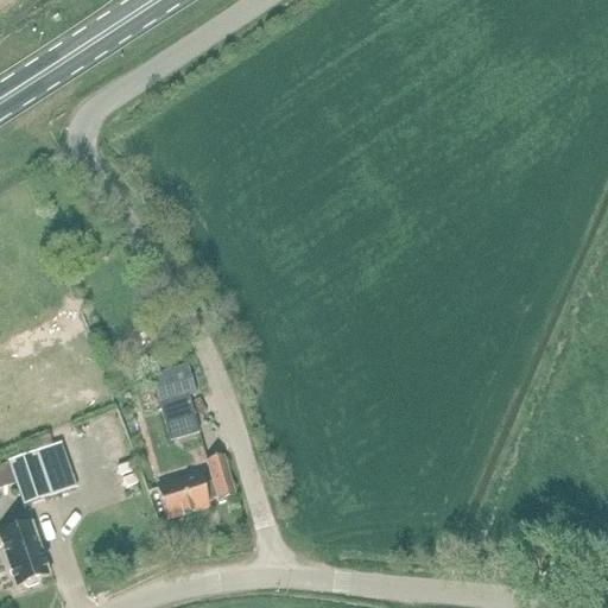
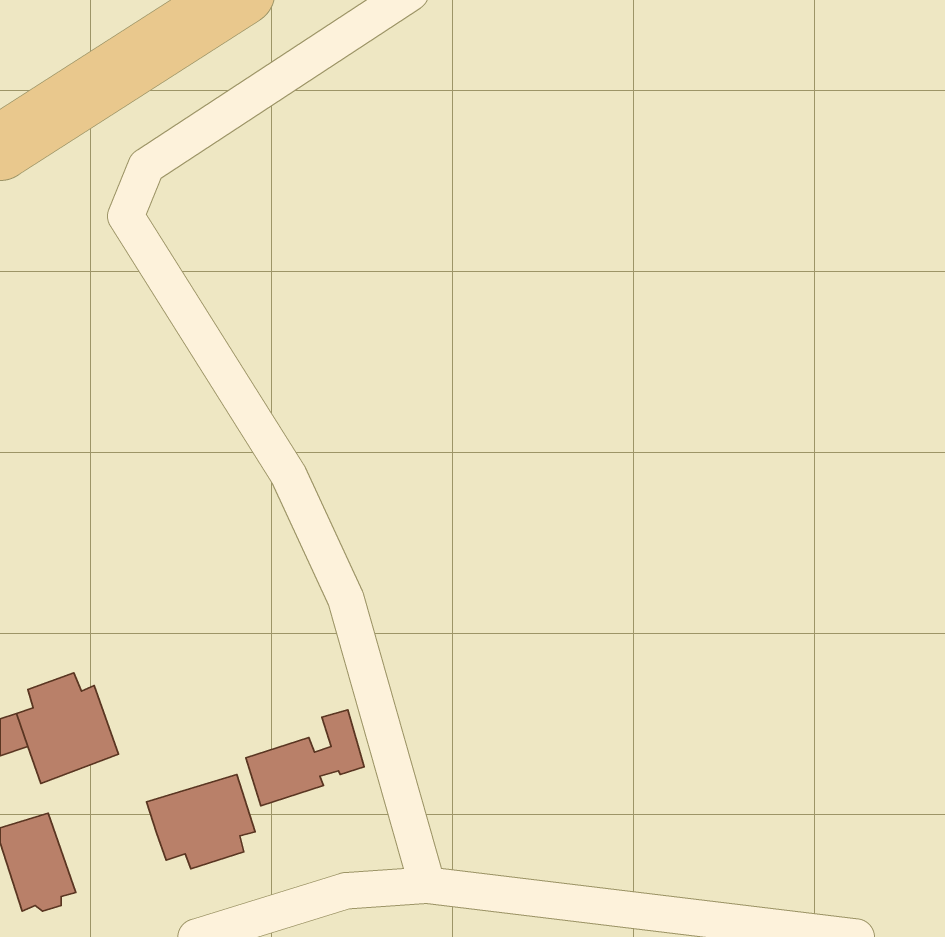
building: [151,365,198,439] -> none
building: none -> [147,775,255,869]

